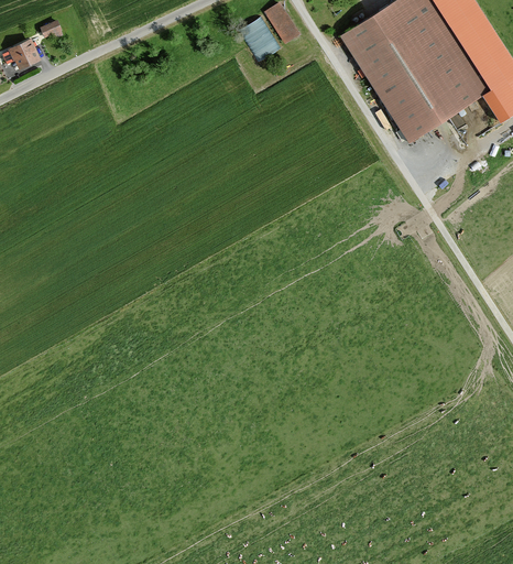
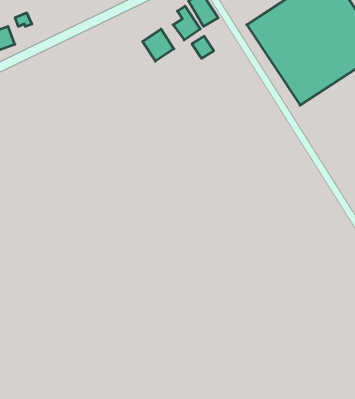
building: none -> [143,29,174,61]
building: none -> [192,36,214,58]

